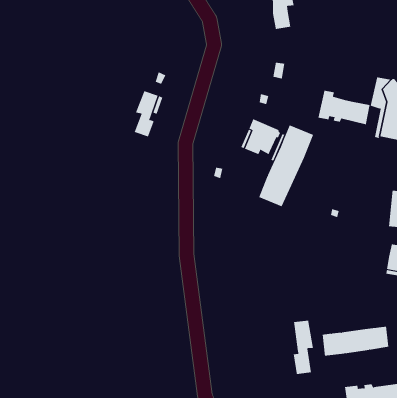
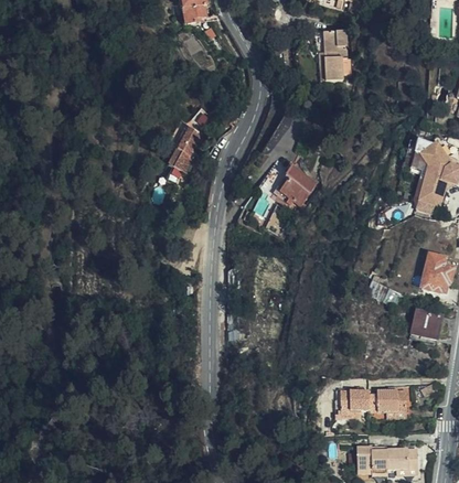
building: [318,90,370,125] -> none
building: [258,124,314,207] -> none
building: [293,320,314,375] -> none

